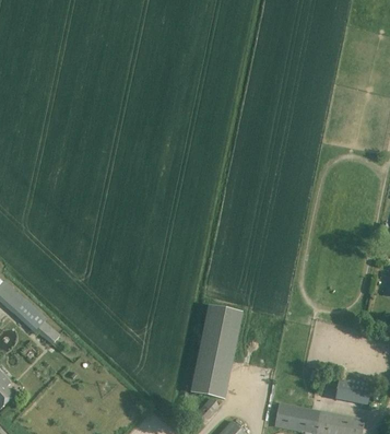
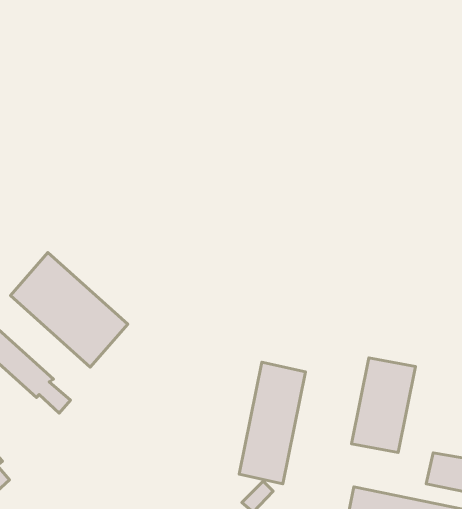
building: none -> [11,253,128,367]
building: none -> [352,358,416,453]

